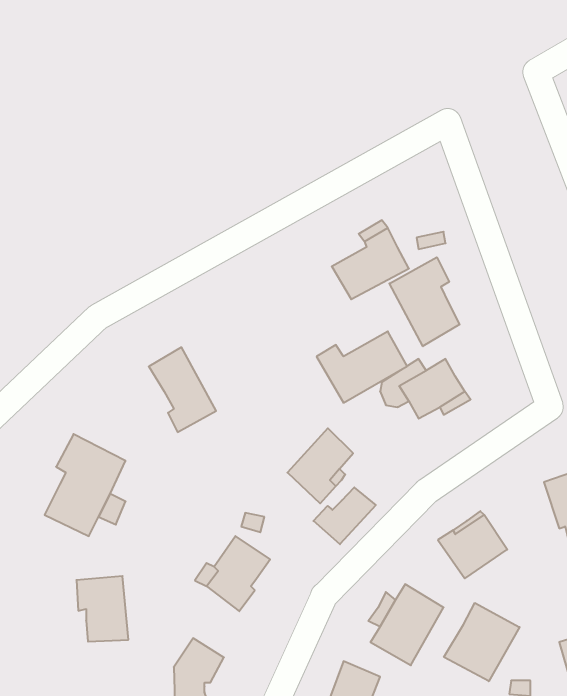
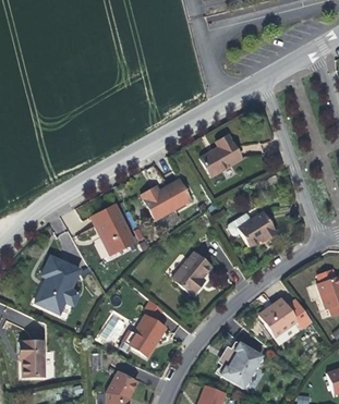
building: [389,257,460,346] -> none
building: [317,331,407,403] -> [140,182,191,222]
building: [313,487,376,544] -> none
building: [76,576,128,642] -> [20,340,49,377]
building: [444,603,520,681] -> none

